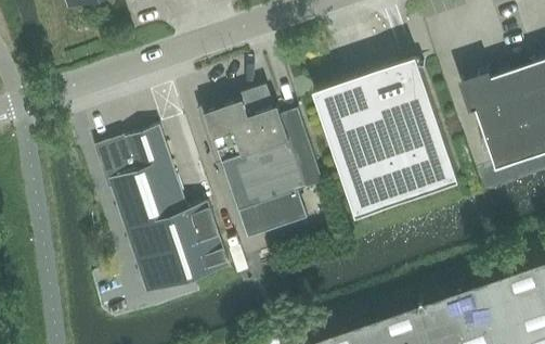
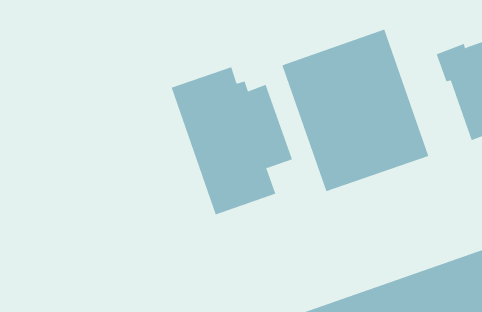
building: [94,130,229,295] -> none

